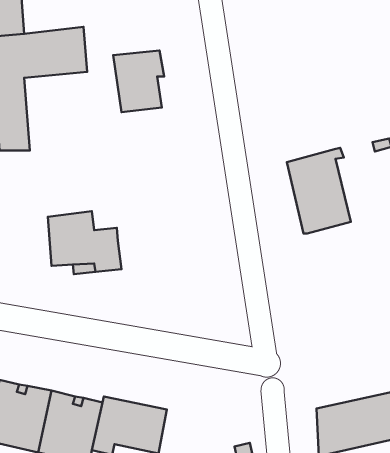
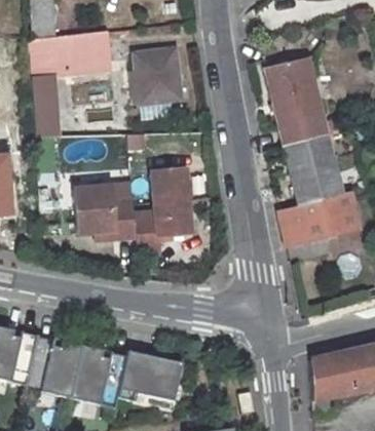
building: none -> [266,56,326,147]
building: none -> [139,171,195,254]
building: none -> [279,195,359,248]

